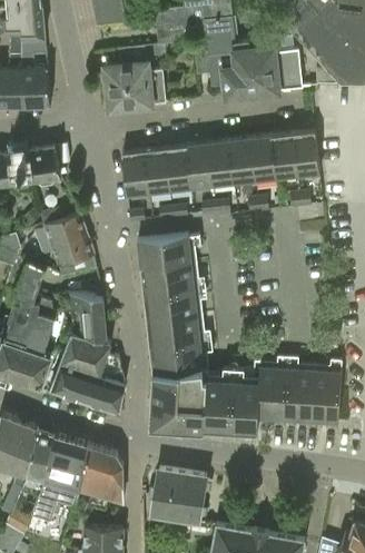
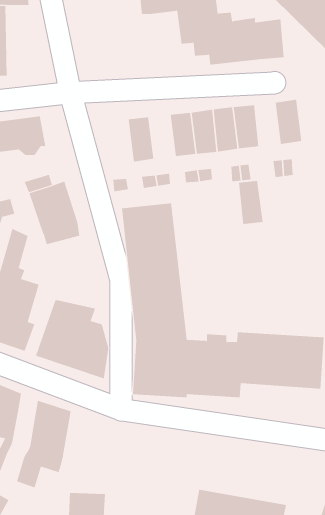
building: [21,36,49,107] -> none
building: [106,45,166,109] -> none
building: [272,134,297,178] -> [238,180,263,224]
building: [165,146,191,190] -> none
building: [121,150,149,196] -> none
building: [63,294,107,340] -> none
building: [23,427,52,491] -> none
building: [77,445,122,507] -> none
building: [150,468,206,522] -> none

